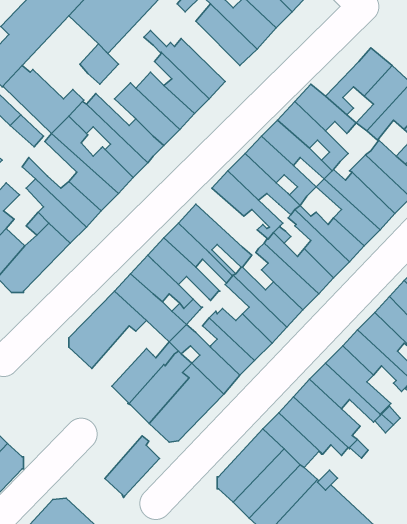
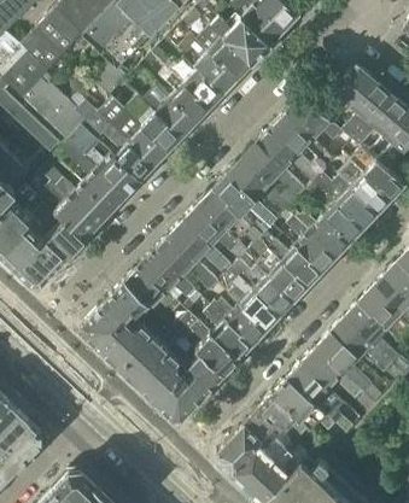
building: none -> [176,35,236,94]
building: none -> [197,191,262,245]
building: [105,436,160,497] -> [103,315,152,370]

